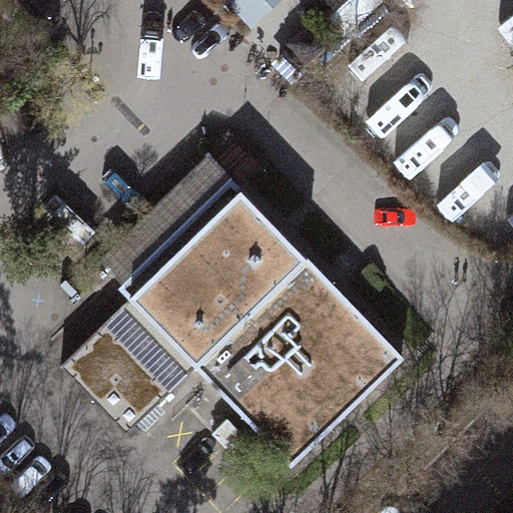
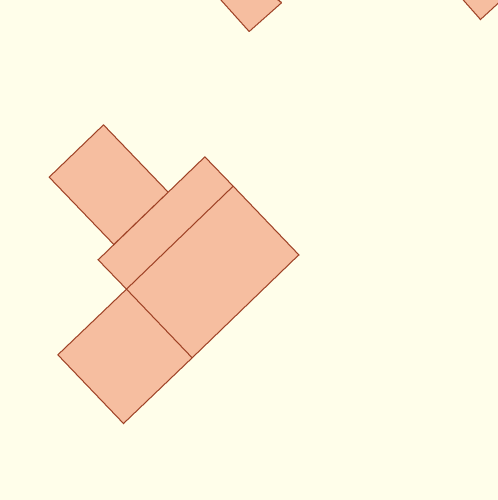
building: none -> [49,125,168,244]
building: [199,261,401,461] -> none

